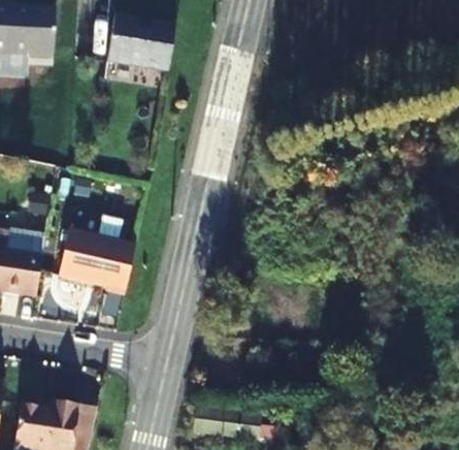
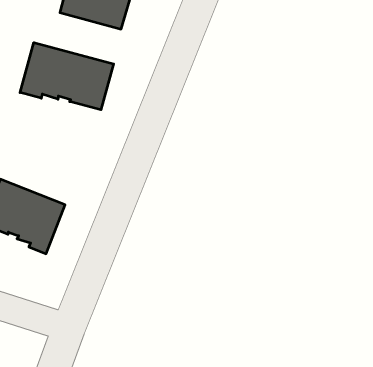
building: none -> [20,43,114,110]

